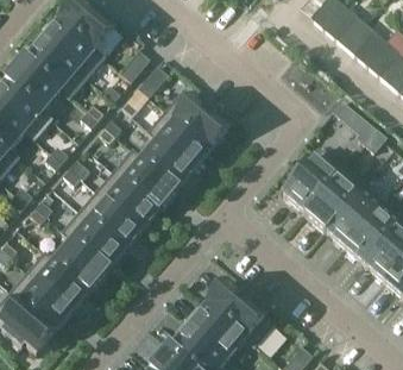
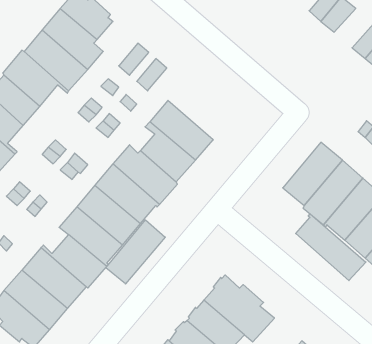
building: [169,87,229,144] -> none
building: none -> [296,214,366,281]
building: none -> [106,220,165,284]

